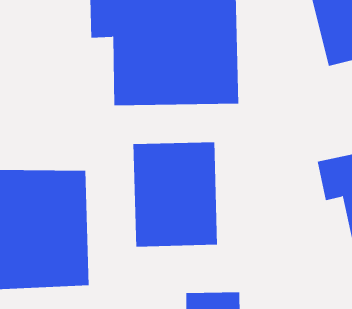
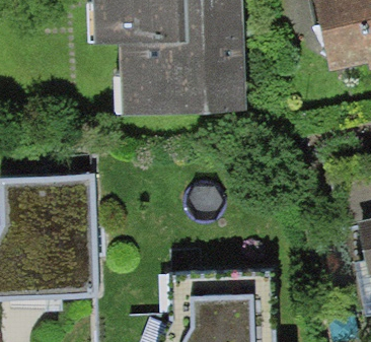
building: [133,141,218,247] -> none

